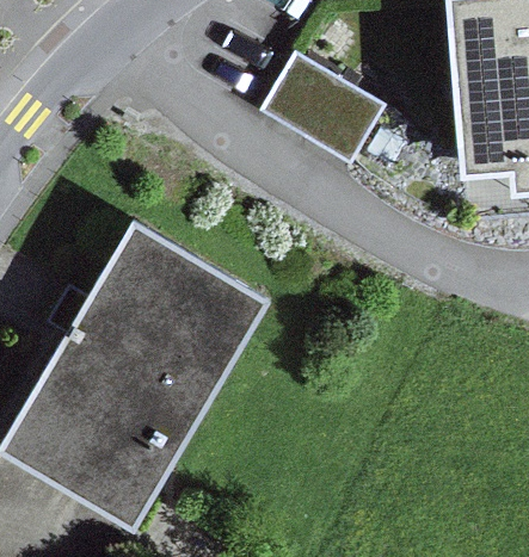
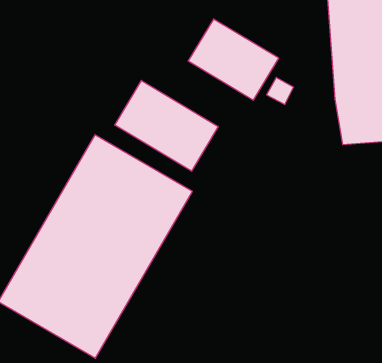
building: none -> [115,80,218,171]

